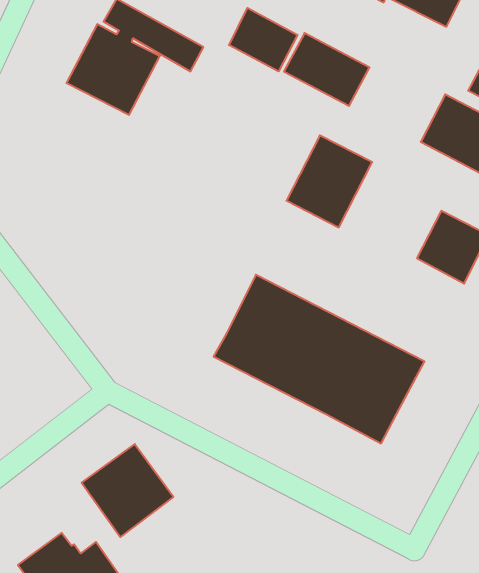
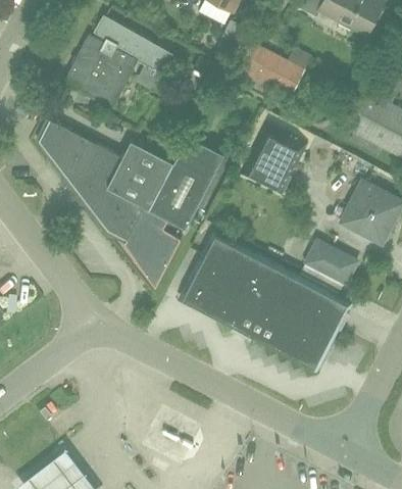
building: [229,8,298,71] -> none
building: none -> [39,120,224,276]
building: none -> [306,242,357,284]
building: [82,444,173,537] -> none

